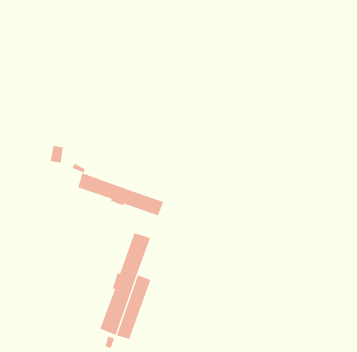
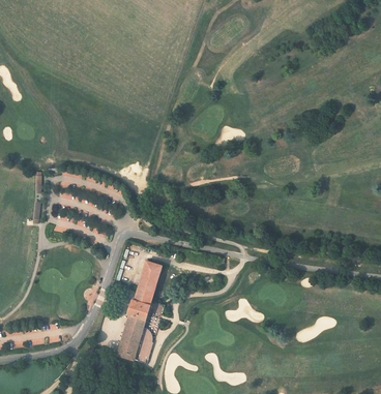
building: [77,173,164,216] -> none

